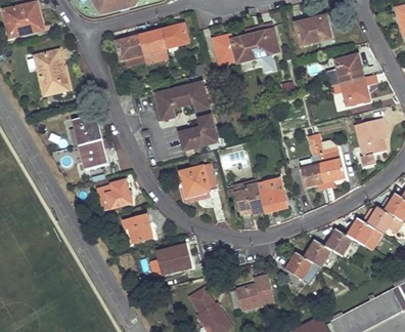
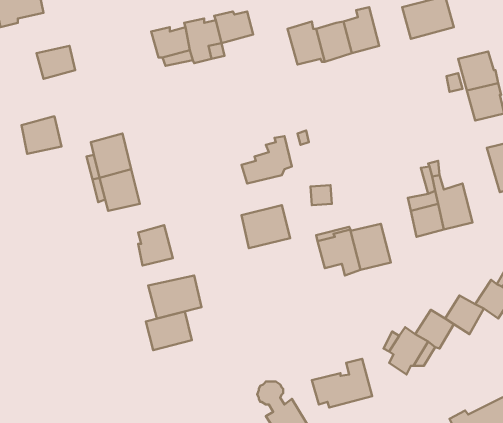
building: [39,69,68,95] -> [21,116,62,154]
building: [156,84,209,120] -> none
building: [156,245,189,273] -> [146,311,192,350]

